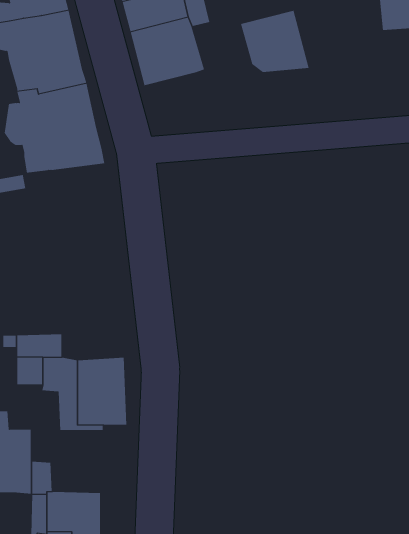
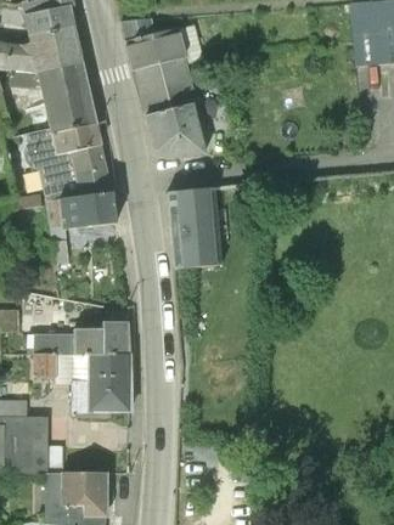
building: [240,10,310,72] -> [146,102,207,157]
building: none -> [43,182,114,261]
building: none -> [168,186,223,267]
building: none -> [74,321,129,355]

